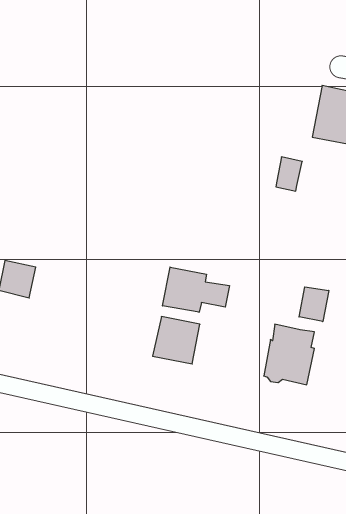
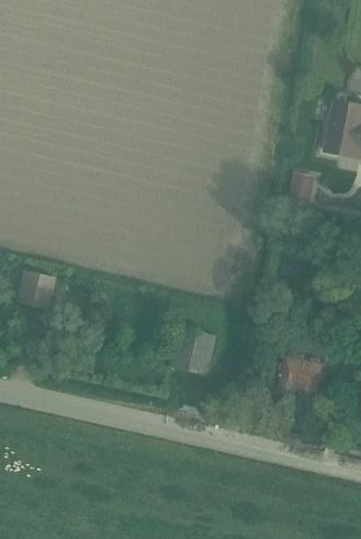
building: [163,267,229,312] -> none
building: [299,287,329,322] -> none

